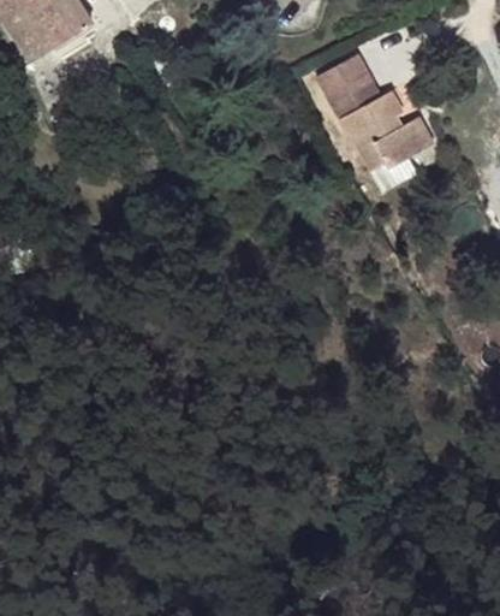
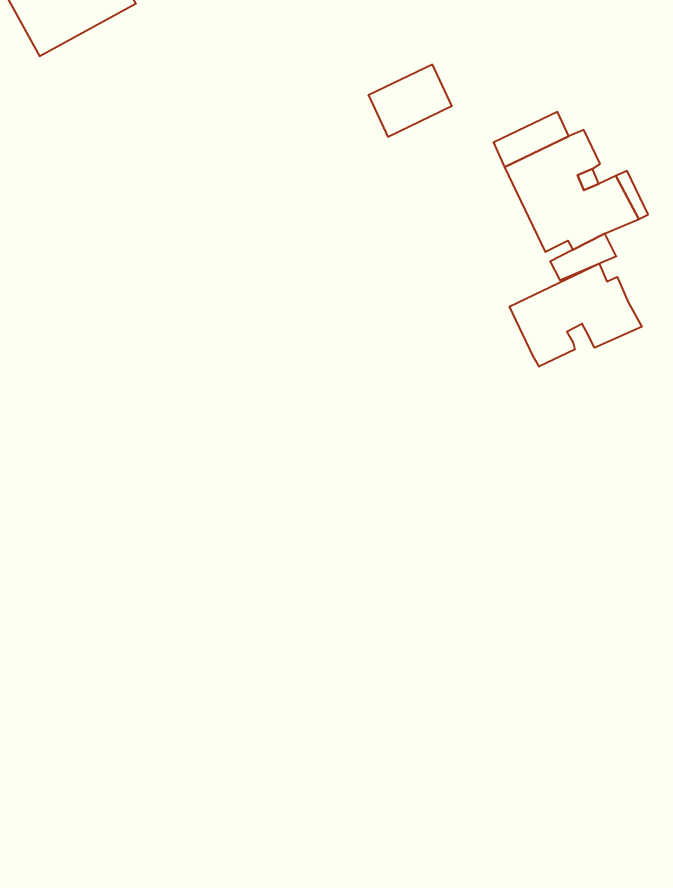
building: [316,52,371,101] -> [368,65,452,137]
building: none -> [510,264,642,367]

